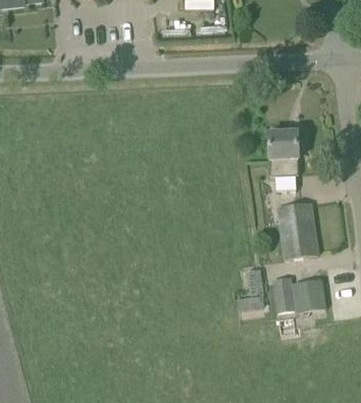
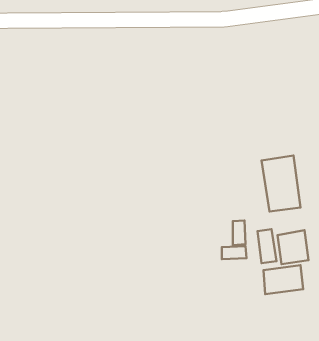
building: [267,131,298,175] -> none
building: none -> [264,265,303,294]

